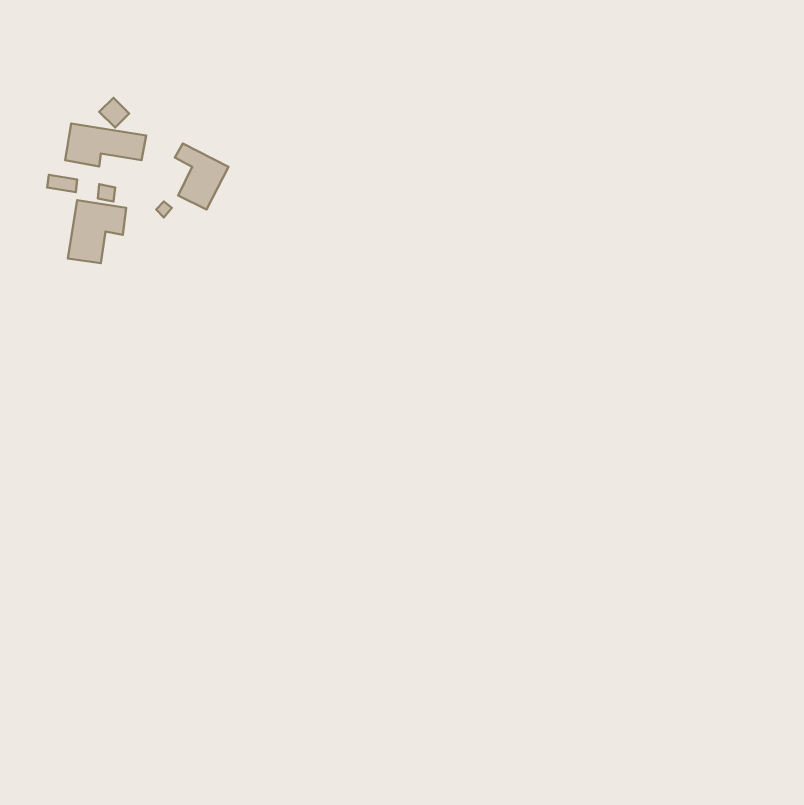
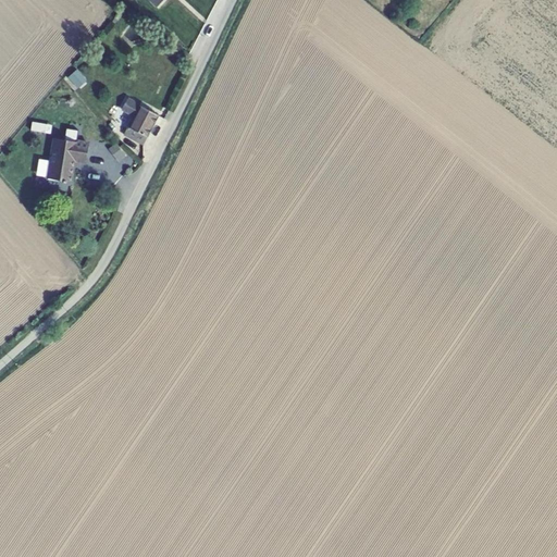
building: [65,123,146,166] -> none

